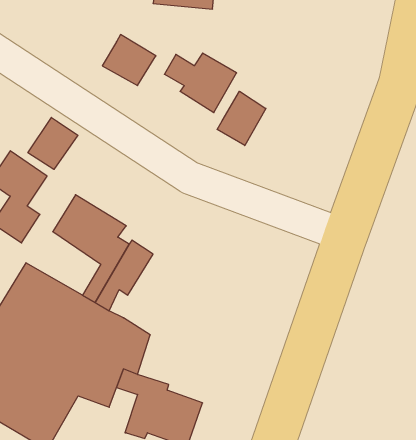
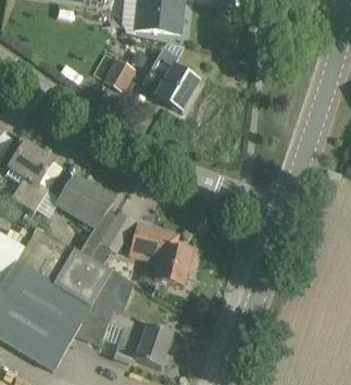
building: [217,91,266,146] -> none
building: [28,117,78,169] -> none
building: none -> [128,222,192,285]

